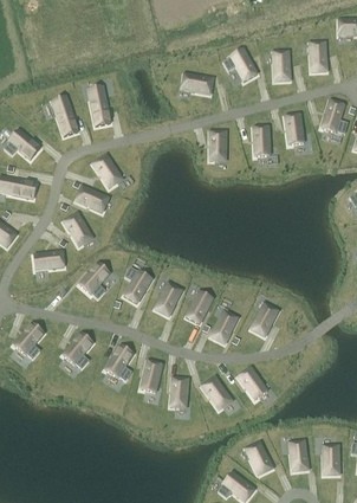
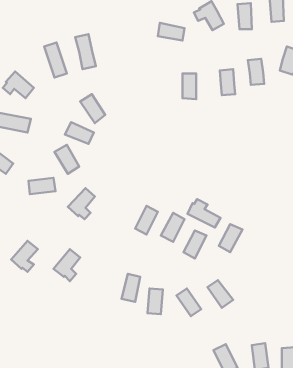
building: [124,267,152,303] -> none
building: none -> [187,199,220,227]
building: [105,346,134,381] -> none

